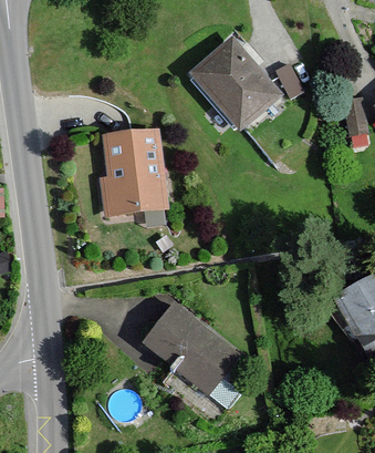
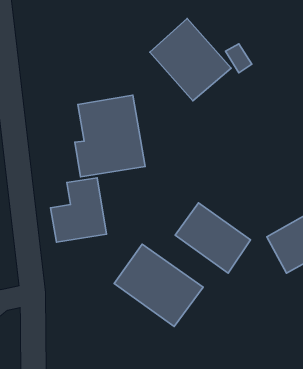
building: none -> [50,178,107,242]
building: none -> [175,203,251,273]

